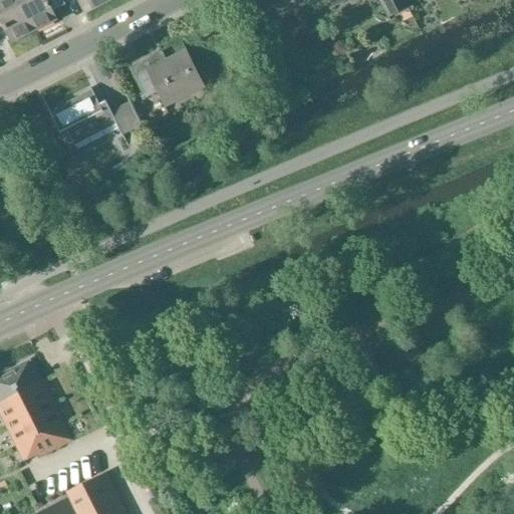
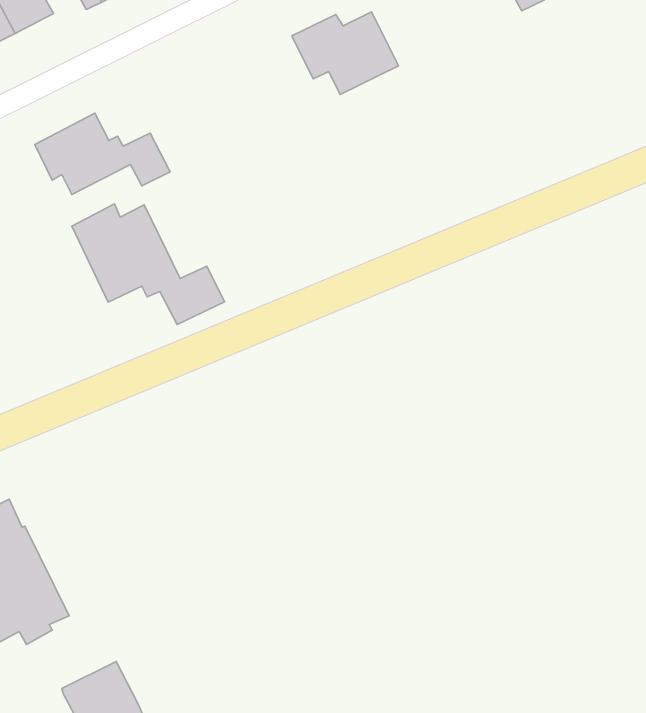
building: [130,50,205,108] -> [292,12,399,94]
building: none -> [72,204,225,325]

